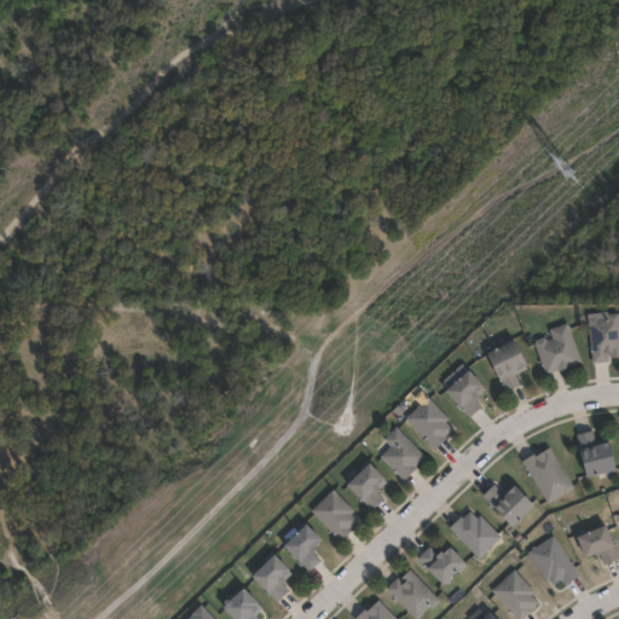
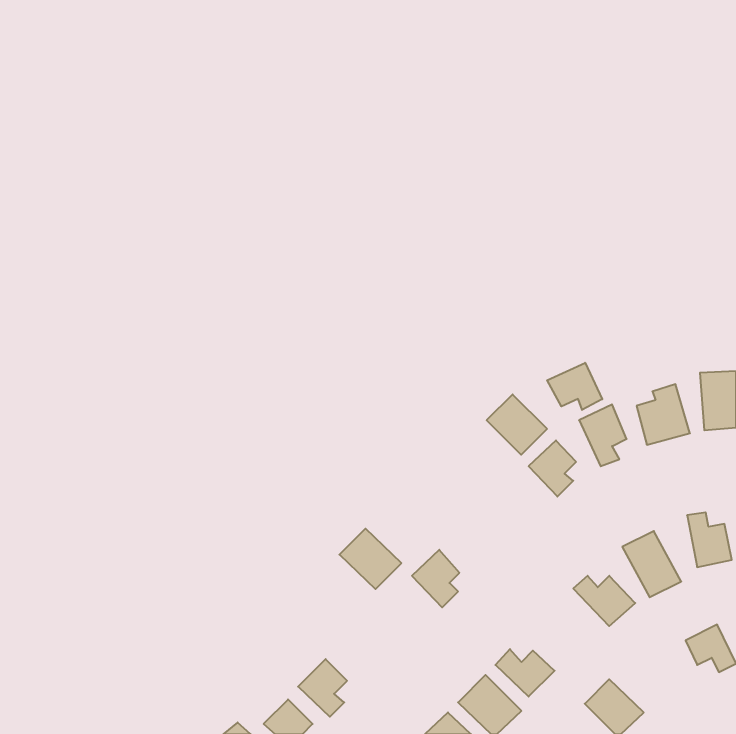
building: none -> [547,363,602,410]
building: [404,397,455,447] -> [487,394,547,455]
building: [380,427,424,479] -> none
building: [310,490,361,540] -> [339,529,401,589]
building: [449,507,501,557] -> none
building: [282,523,320,572] -> none
building: [527,536,578,591] -> none

